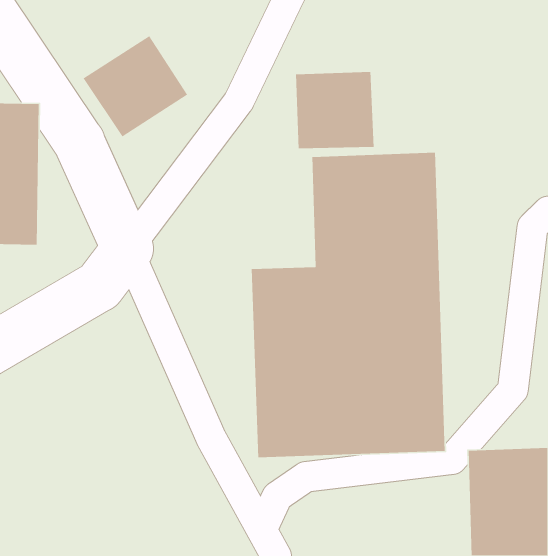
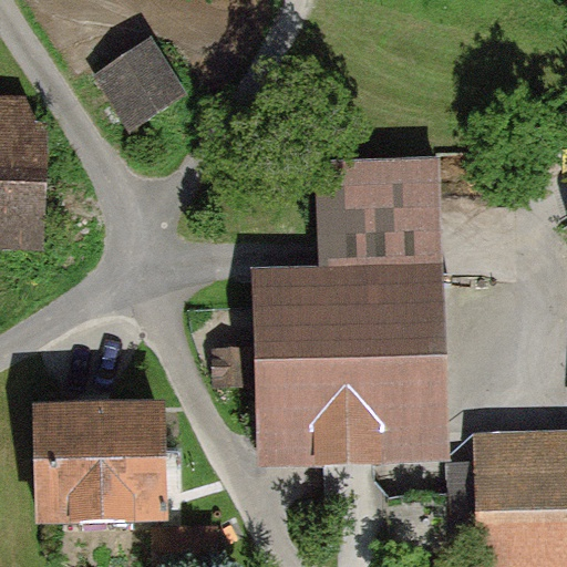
building: [295,71,374,149] -> none
building: none -> [37,402,175,526]

